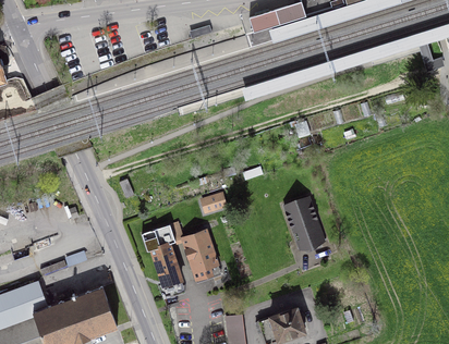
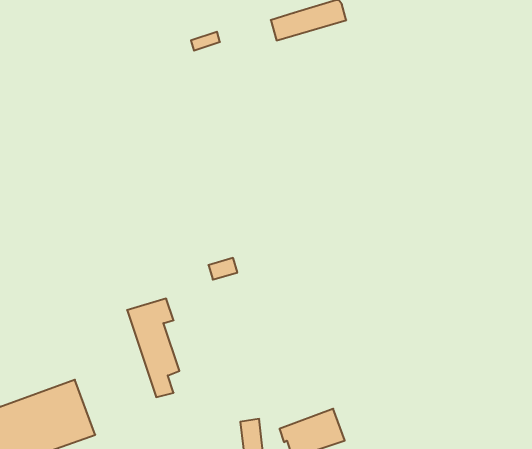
building: [283,198,325,250] -> none
building: [183,231,219,282] -> none

